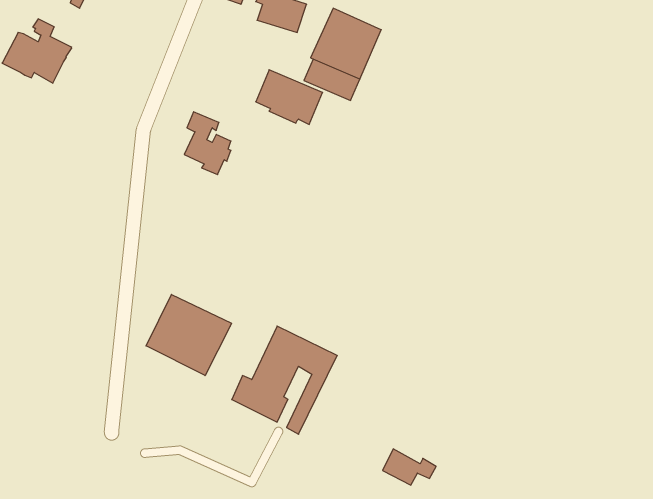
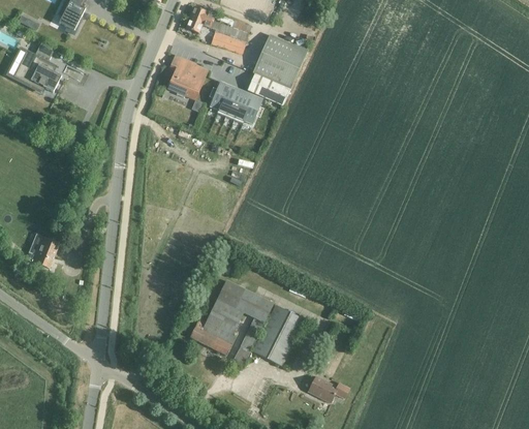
building: [184,112,231,175] -> [168,54,205,102]
building: none -> [31,238,59,268]
building: [146,294,232,376] -> none
building: none -> [252,304,305,366]

